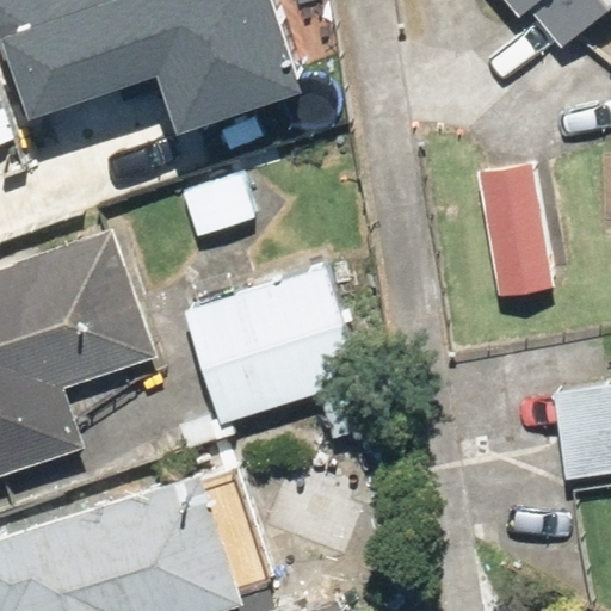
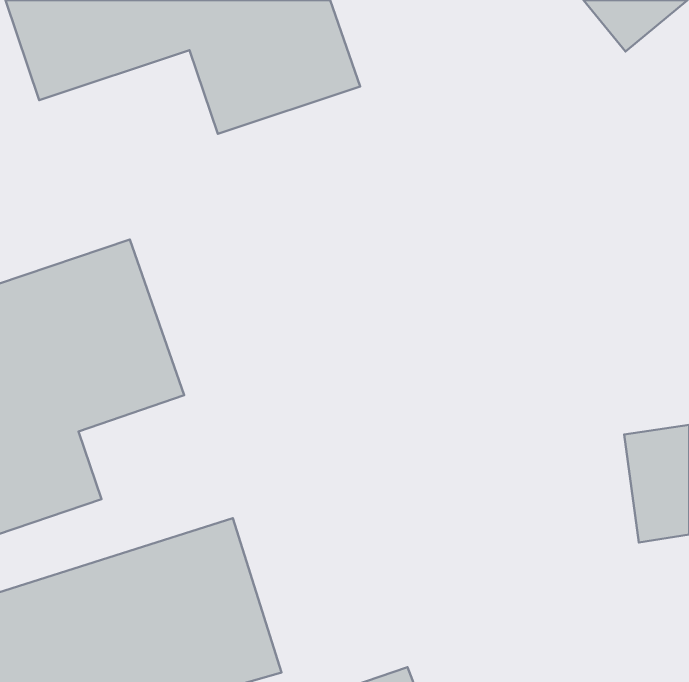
building: [475,165,558,301] -> none
building: [180,264,359,426] -> none

